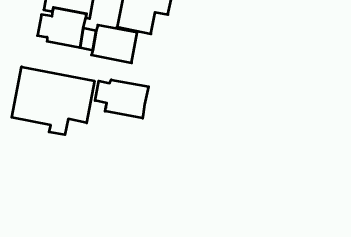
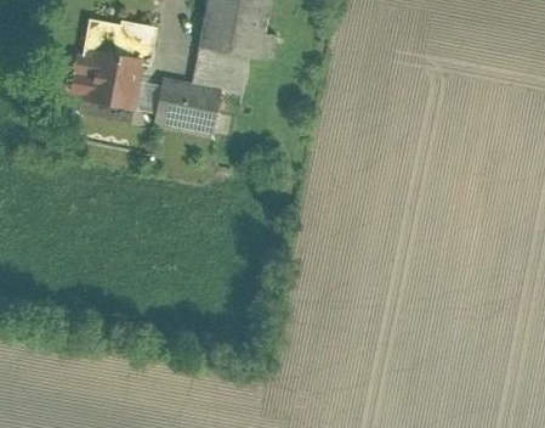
building: [12,67,94,135] -> none
building: [95,80,149,118] -> none

